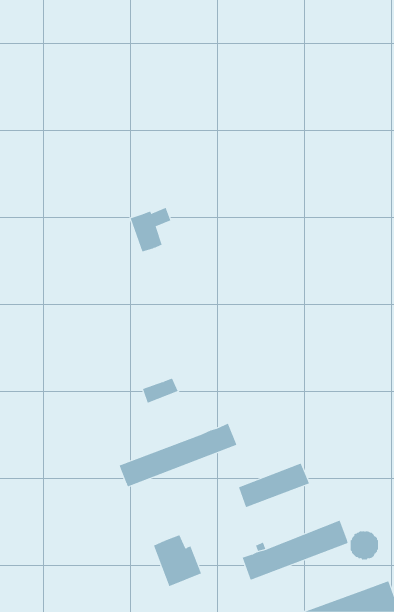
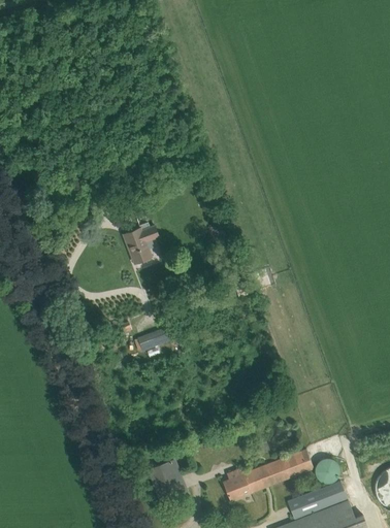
building: [130,207,171,252] -> [123,225,158,263]
building: [119,423,237,487] -> none
building: [238,463,310,508] -> [287,481,348,519]

